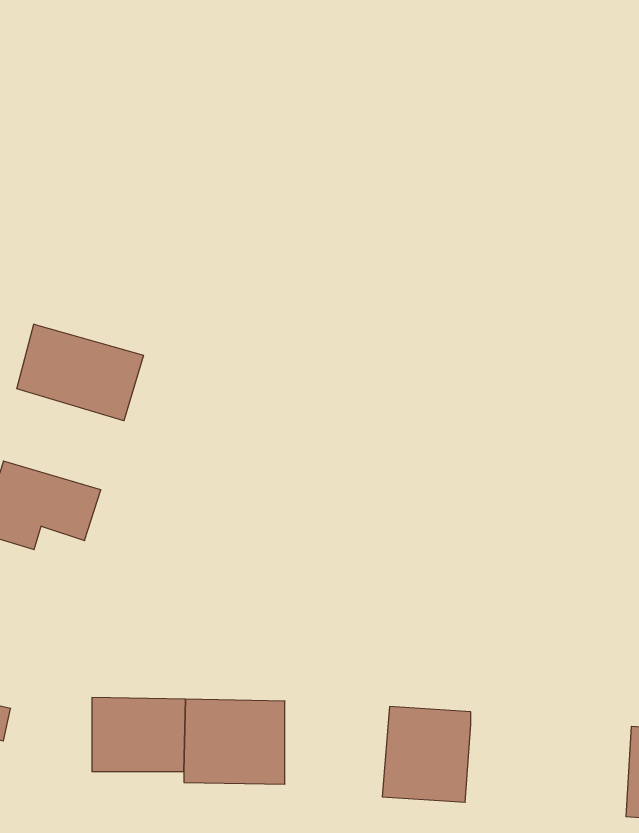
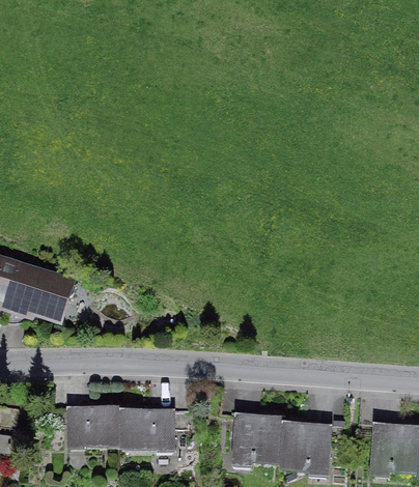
building: [17,324,144,421] -> none
building: none -> [282,421,335,474]

